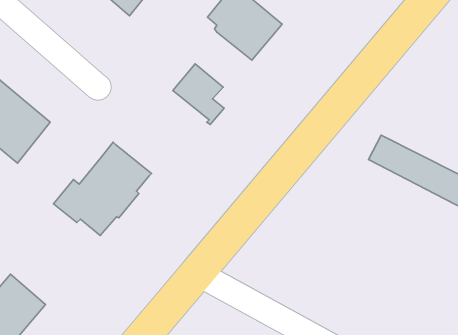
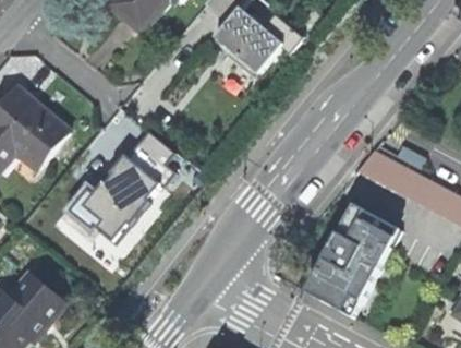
building: [173,64,224,124] -> [126,131,174,188]
building: none -> [306,204,400,317]

